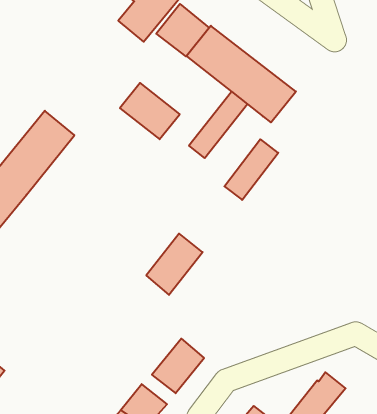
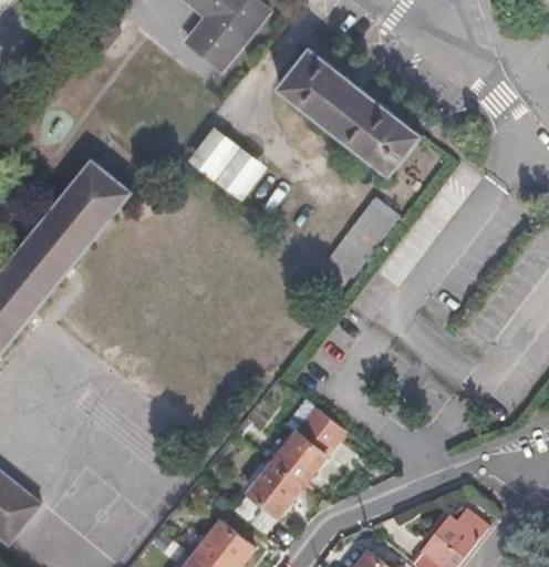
building: [156,4,209,56] -> none
building: [189,92,247,158] -> none
building: [146,234,203,295] -> [270,406,344,487]

